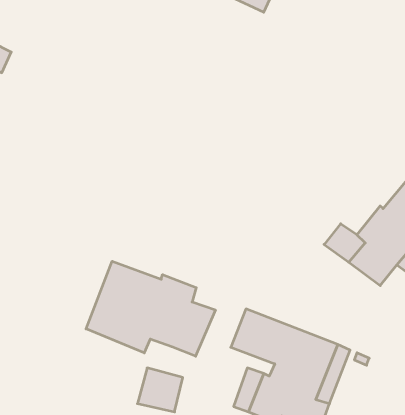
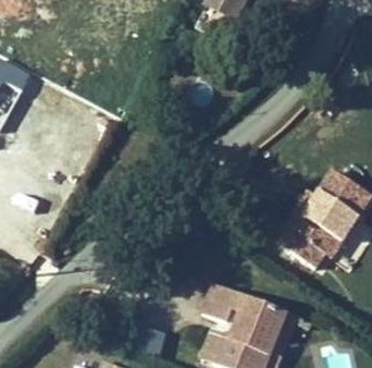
building: [86,261,215,356] -> none

